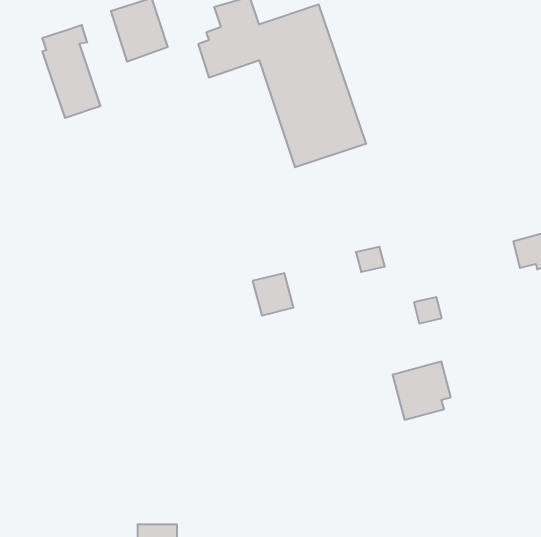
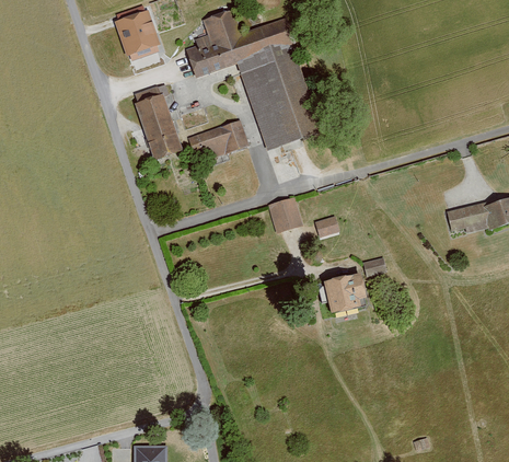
building: [42,25,101,118] -> [131,82,180,159]
building: none -> [187,120,248,164]
building: [253,273,294,315] -> [268,197,302,232]
building: [393,362,451,420] -> [320,268,368,316]

